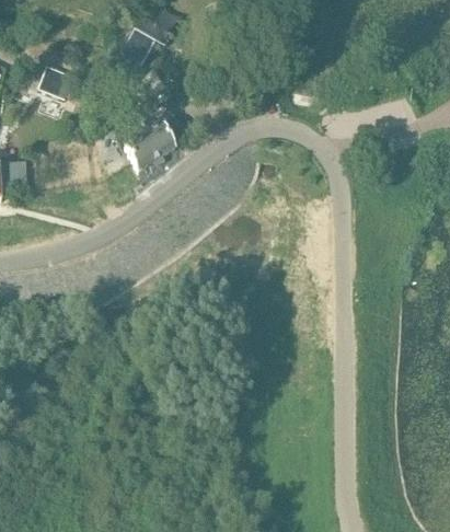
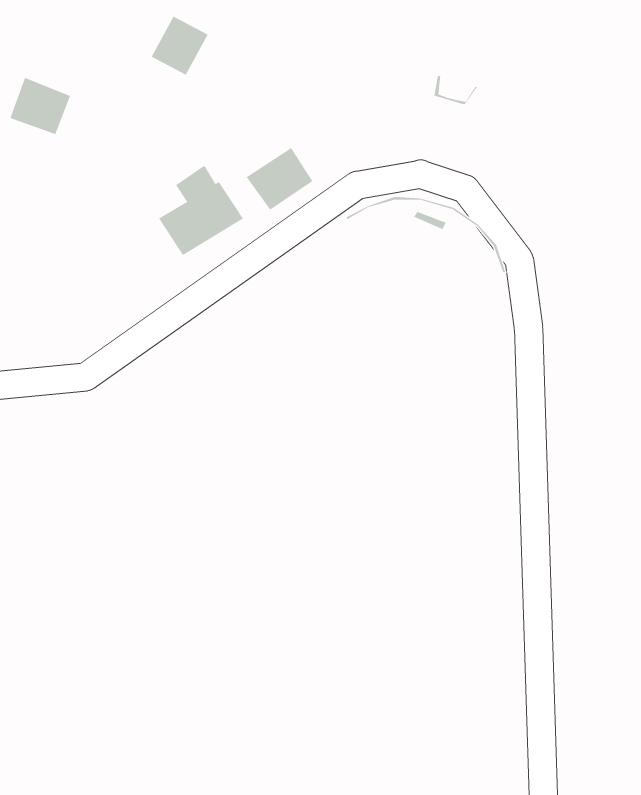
building: none -> [246,147,313,210]

